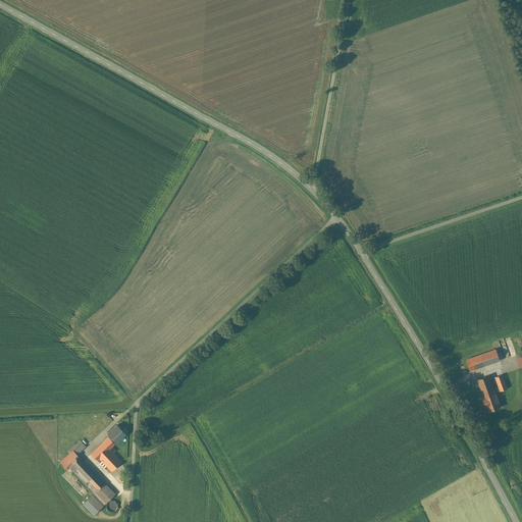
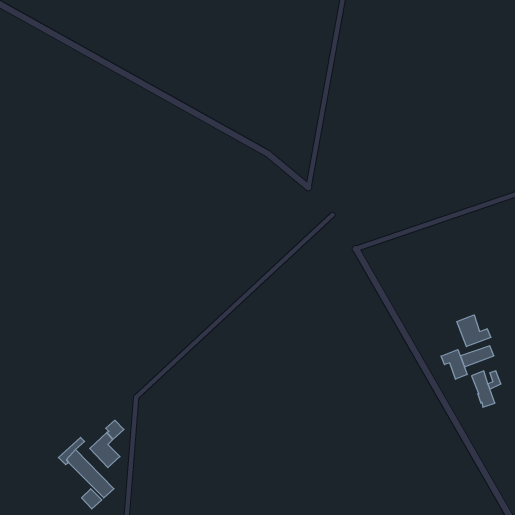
building: none -> [457,315,491,347]
building: none -> [441,350,467,379]

